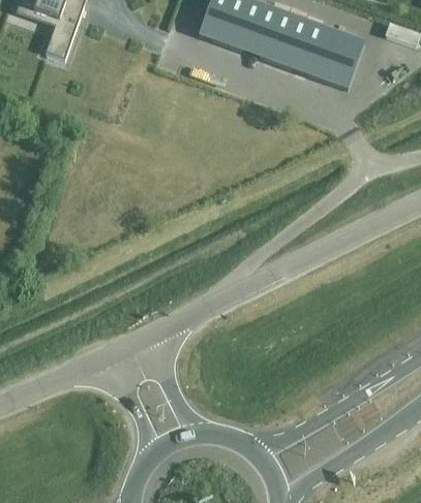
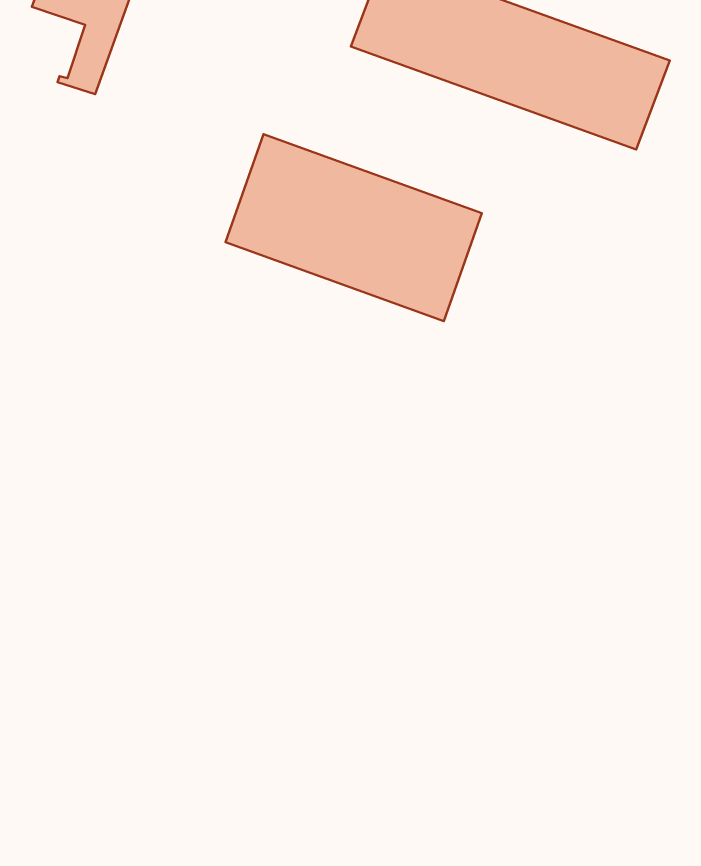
building: none -> [226,134,482,321]

